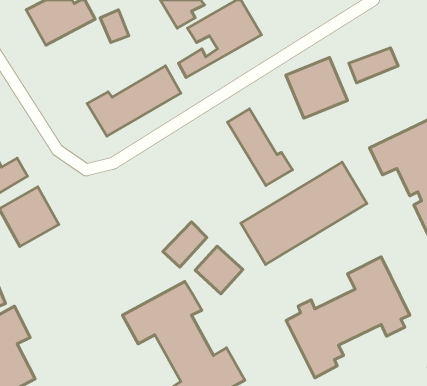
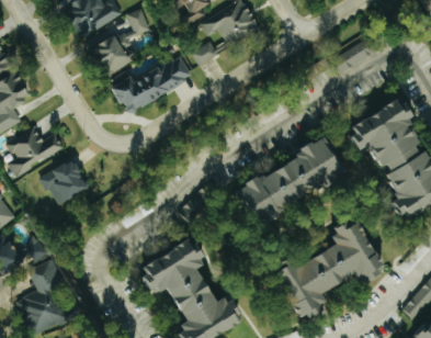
building: none -> [88,32,135,77]
building: [286,57,348,118] -> none
building: [228,109,293,185] -> none
building: [195,246,243,294] -> none

